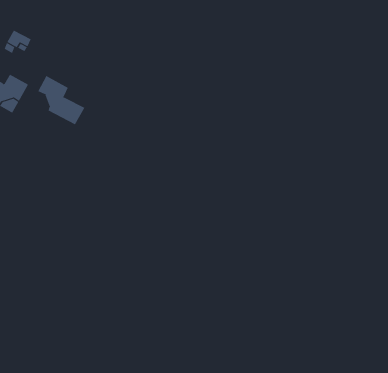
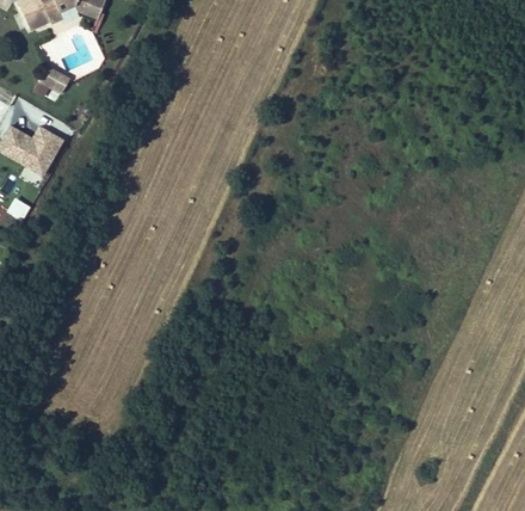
building: [38,75,85,125] -> none

